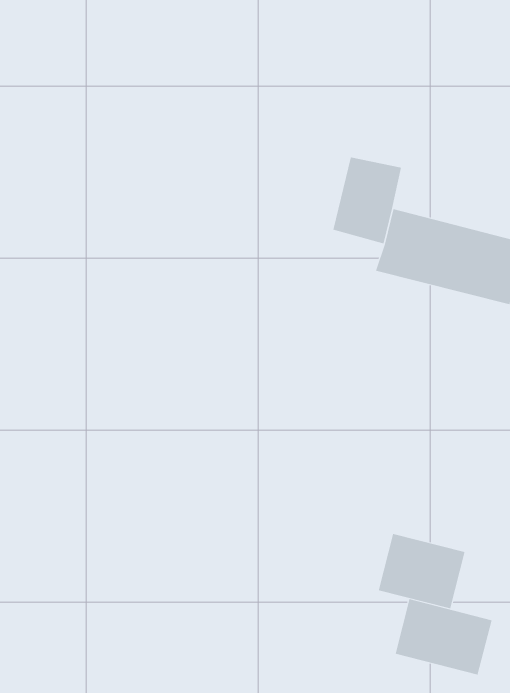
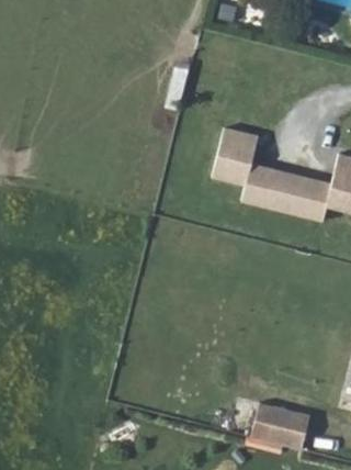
building: [378,533,465,609] -> none

